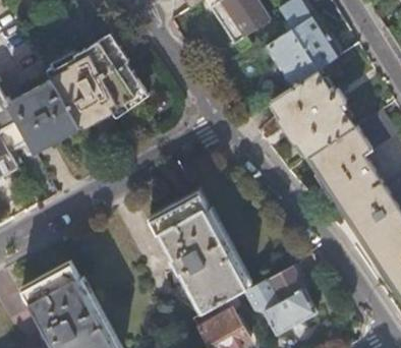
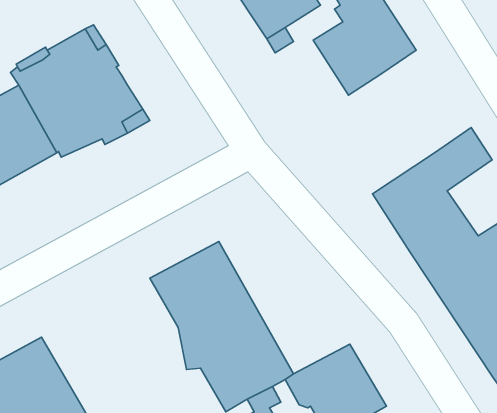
building: [270,70,353,157] -> none

